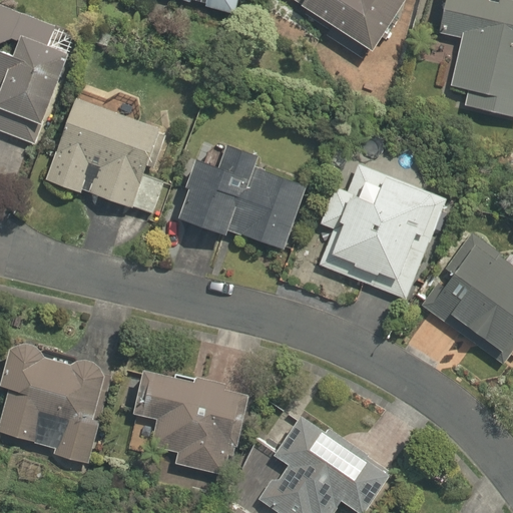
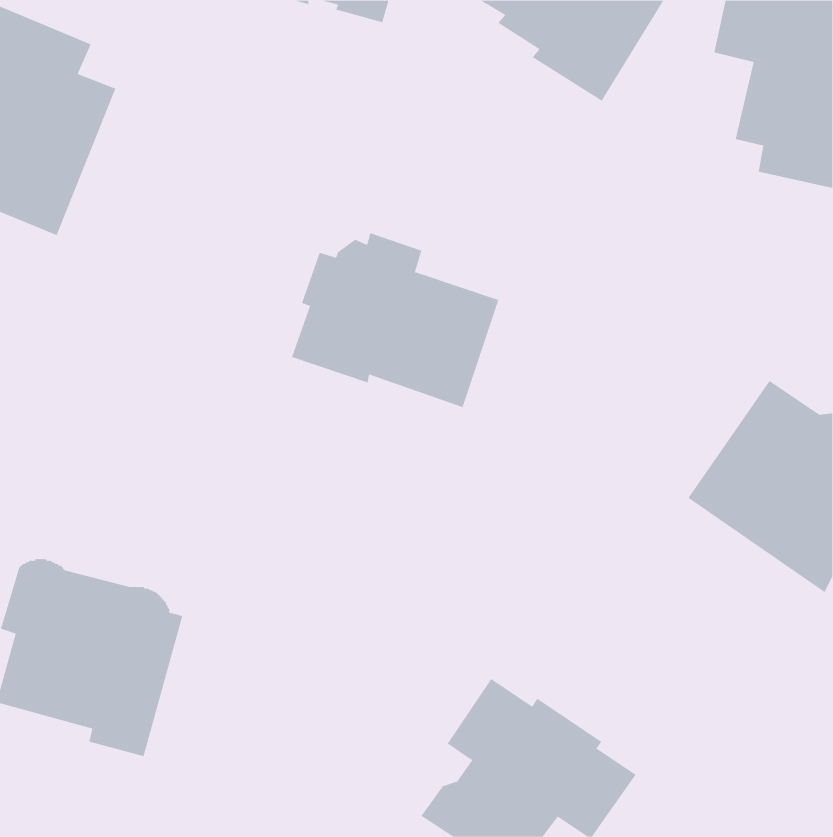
building: [46,92,163,213] -> none
building: [319,164,445,299] -> none
building: [134,369,249,474] -> none

